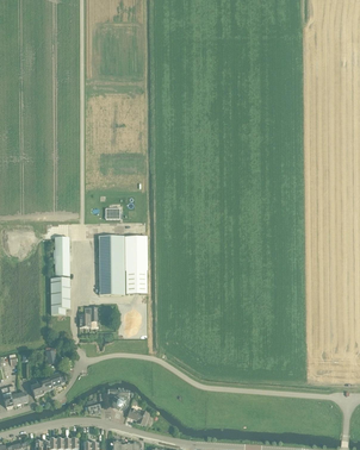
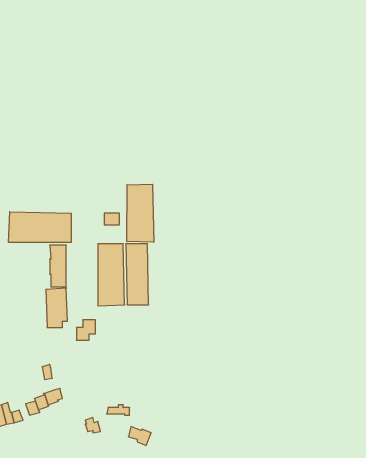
building: none -> [127,184,154,242]
building: none -> [9,212,71,242]

